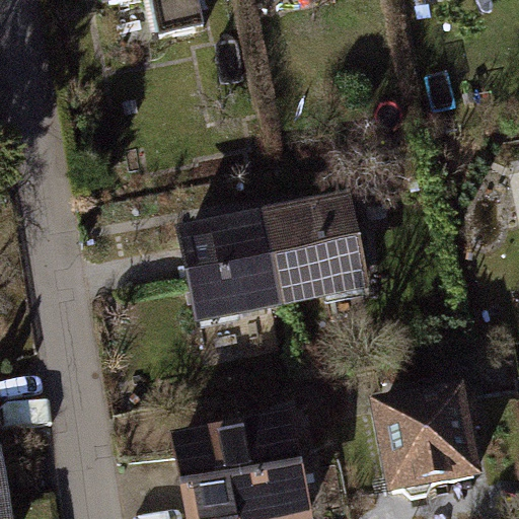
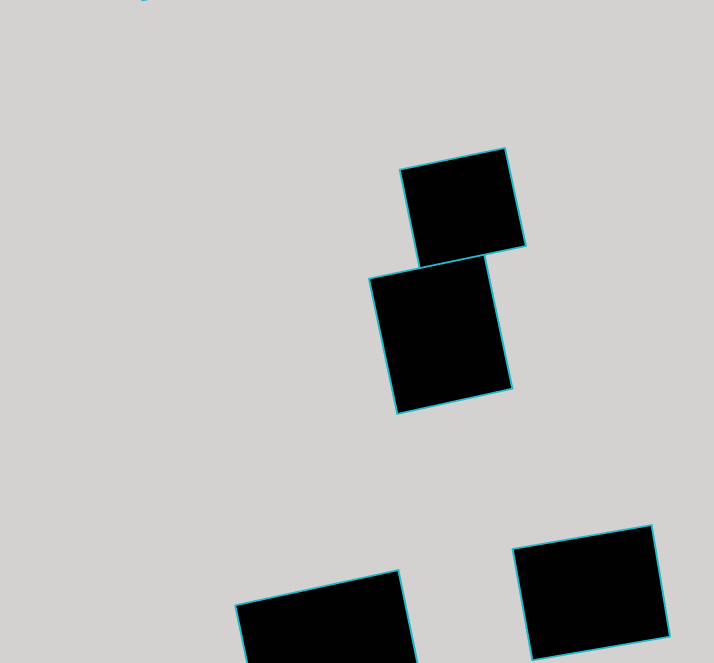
building: none -> [400,148,526,268]
building: [179,210,288,324] -> none

